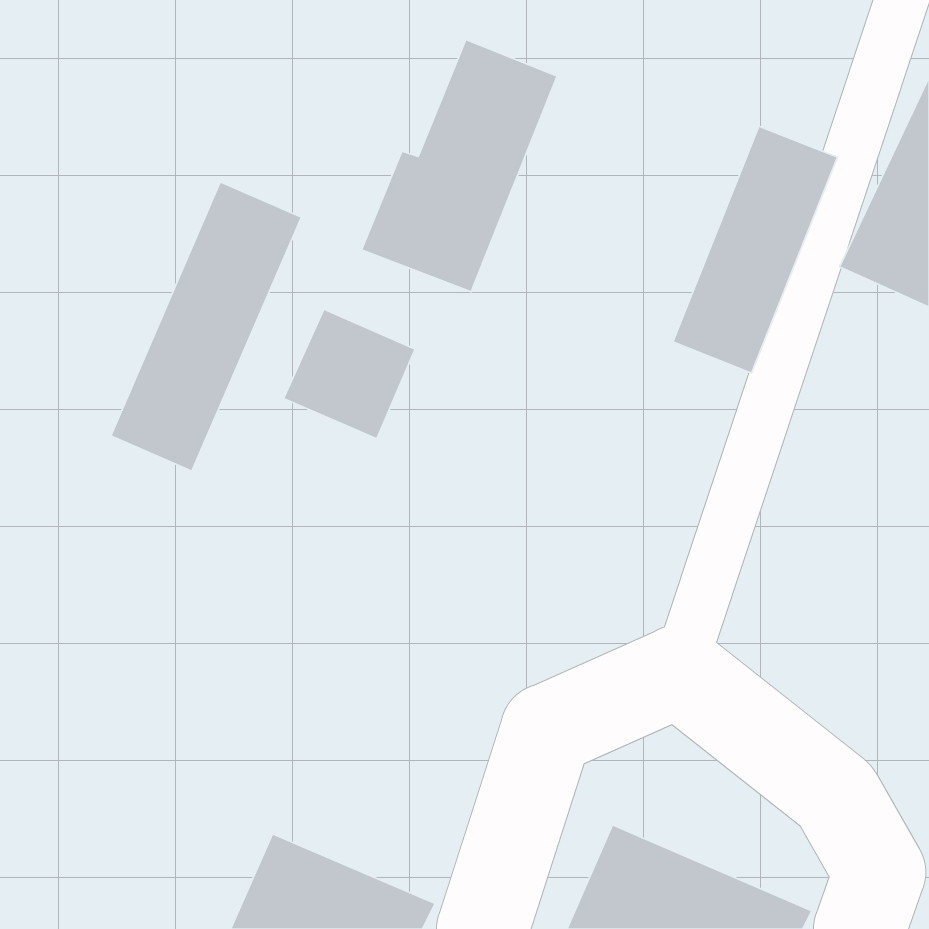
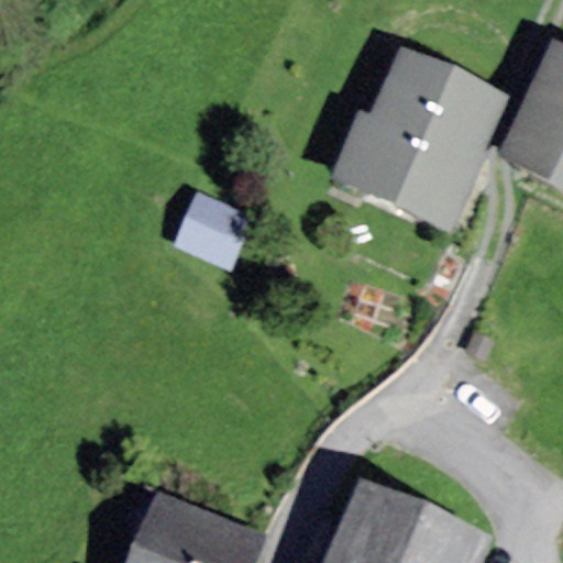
building: [362,40,557,292] -> [339,54,456,206]
building: [111,182,301,471] -> none

